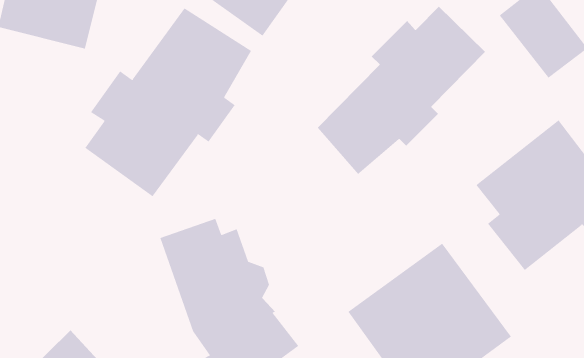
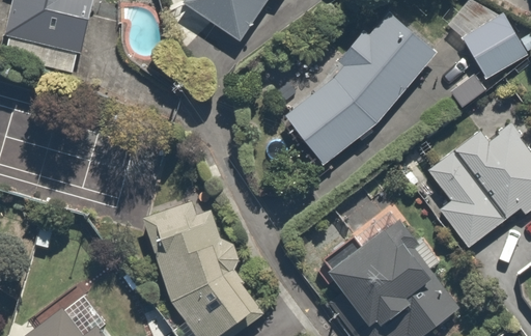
building: [85,8,252,197] -> none

